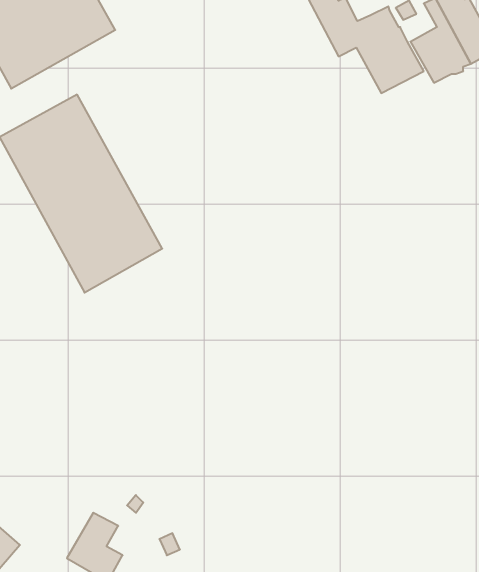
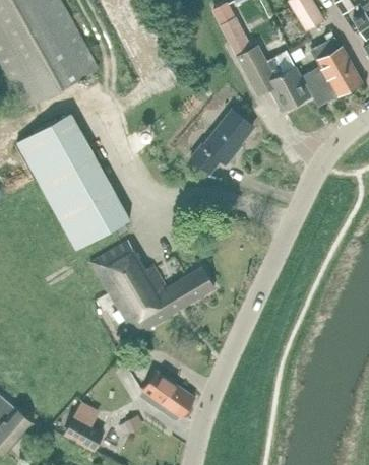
building: none -> [191,110,253,173]
building: none -> [90,240,214,336]
building: none -> [143,372,194,420]

